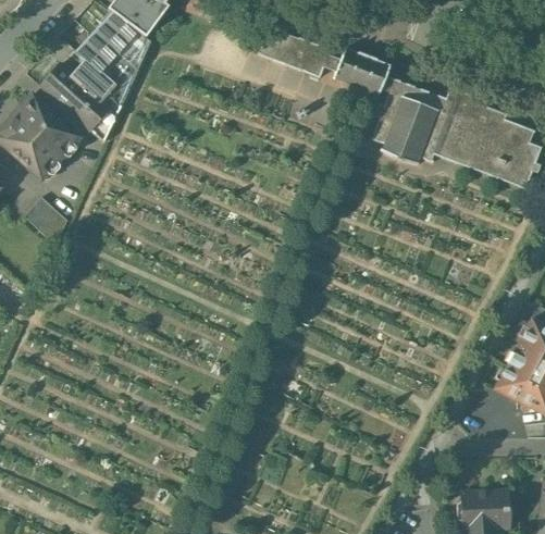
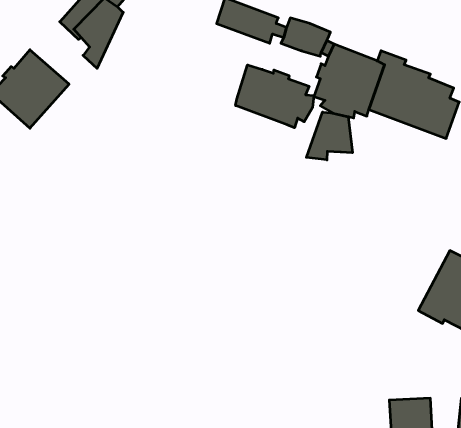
building: [40,63,115,141] -> none
building: none -> [236,65,314,128]
building: none -> [306,112,352,160]
building: [24,196,66,244] -> none

